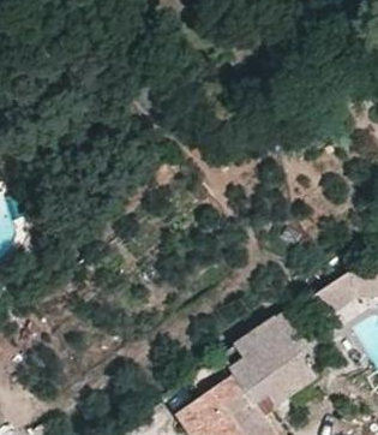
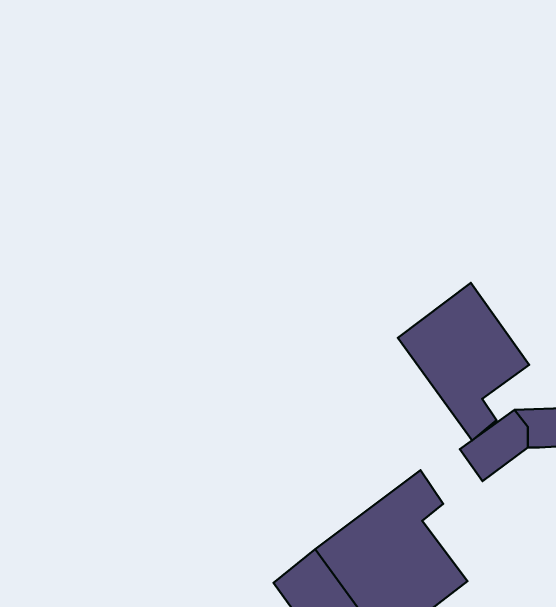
building: none -> [398,283,529,440]

